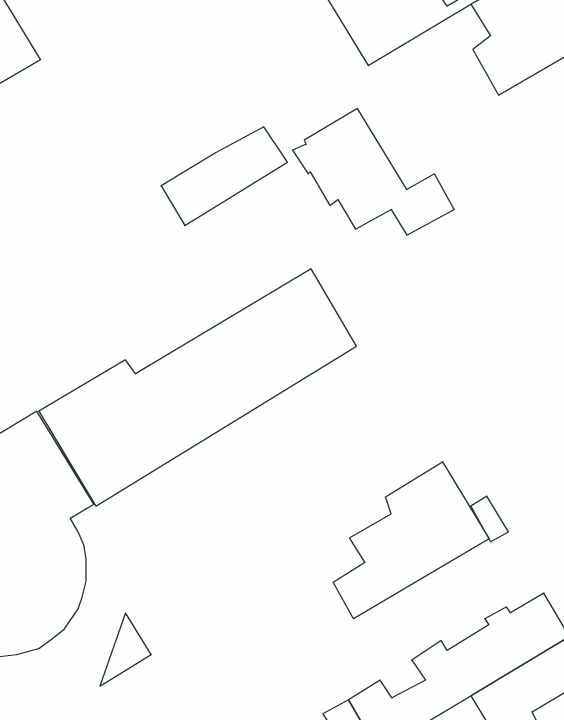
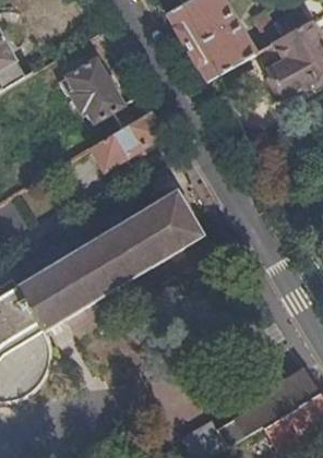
building: [292,109,454,235] -> [60,58,149,128]
building: [333,462,489,619] -> none

